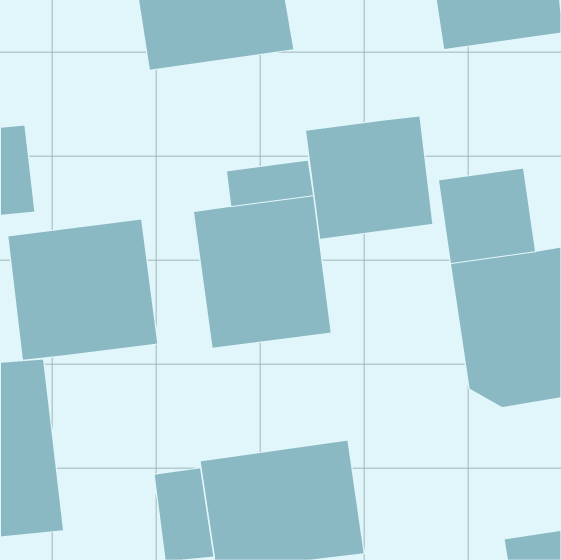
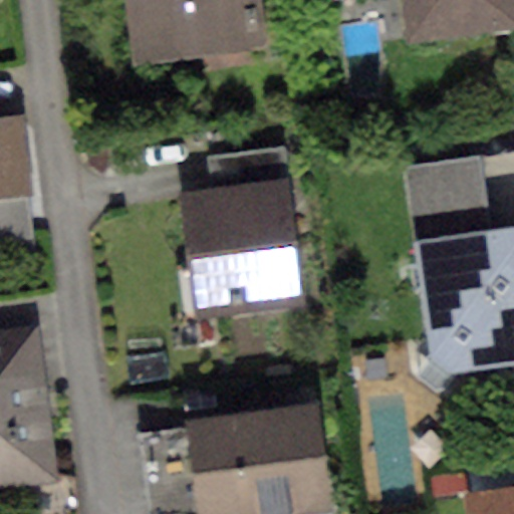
building: [305,116,433,239] -> none
building: [8,219,158,361] -> none

